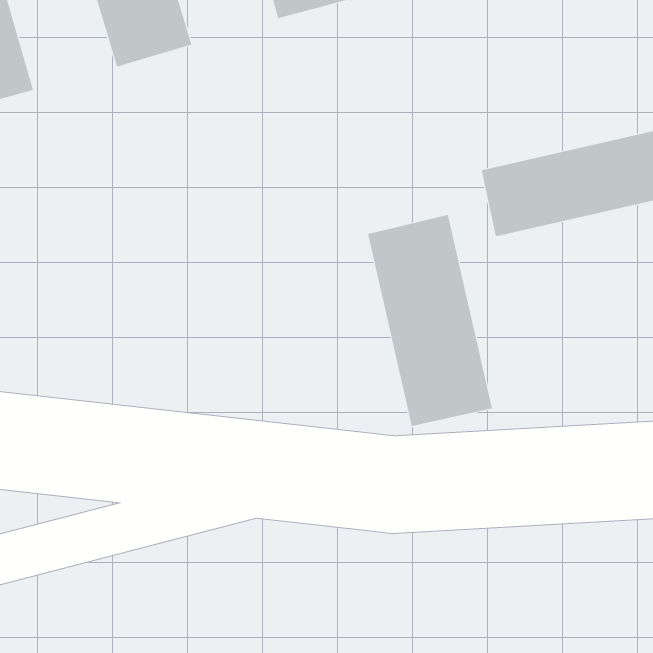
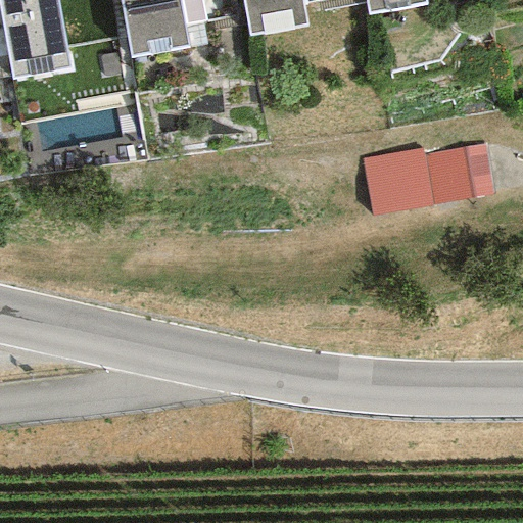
building: [368,214,493,427] -> none

